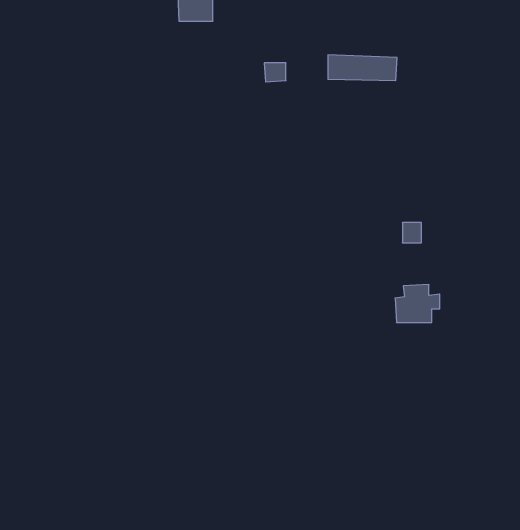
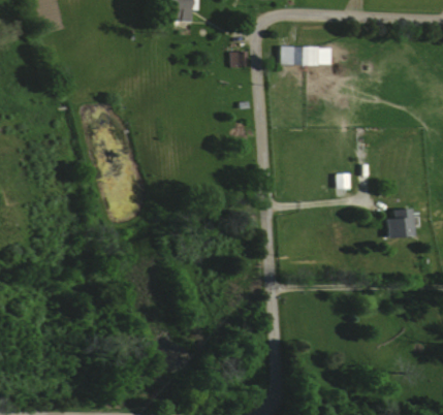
building: [395,285,440,322] -> [386,209,420,237]

